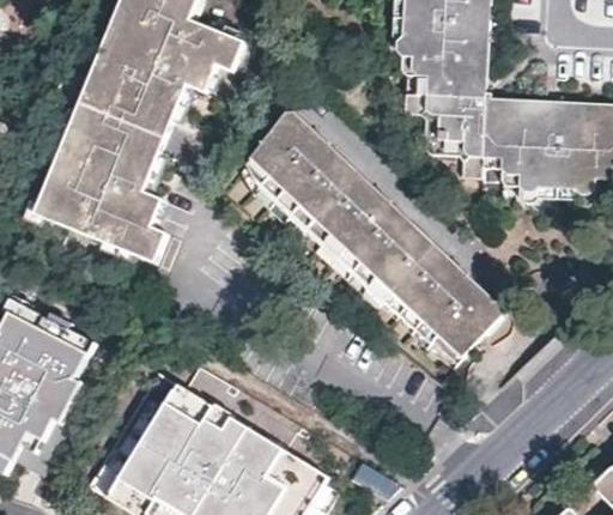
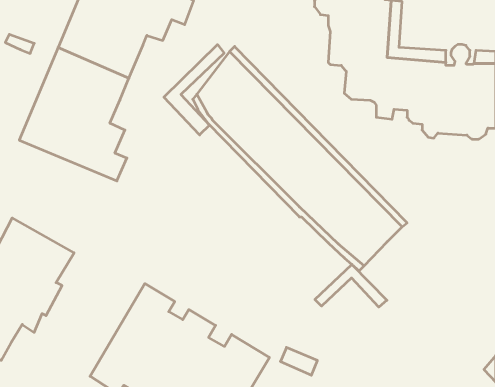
building: none -> [164,45,224,135]
building: none -> [315,264,387,307]

